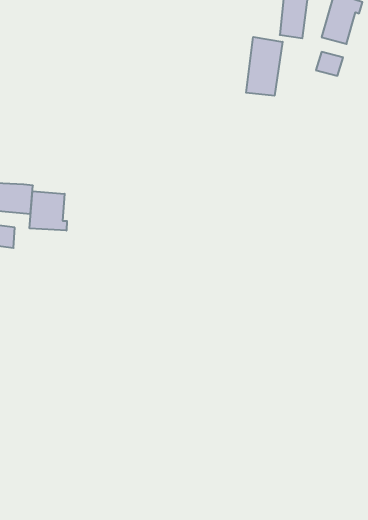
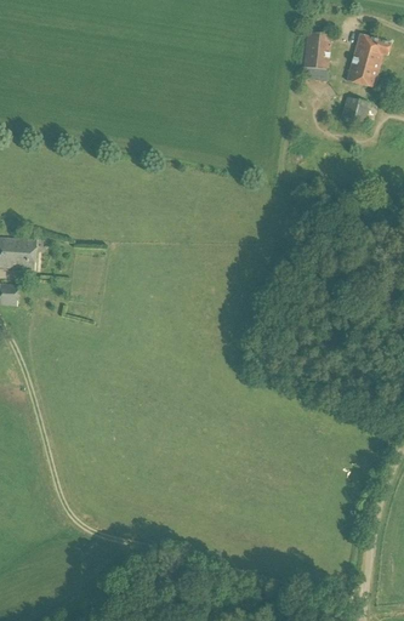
building: [246,37,283,96] -> none
building: [30,191,67,231] -> none

